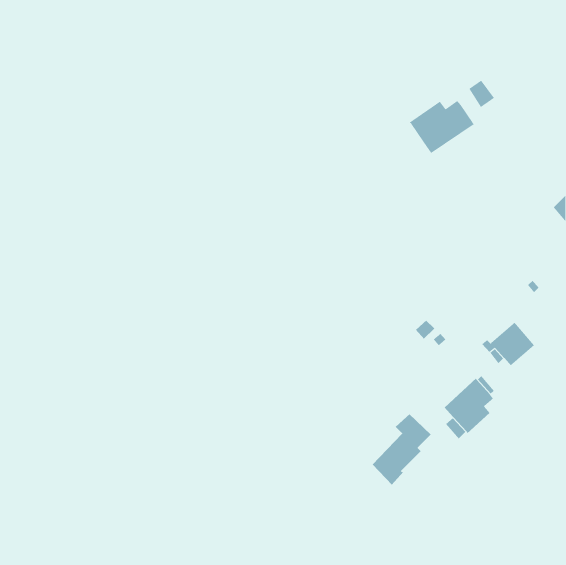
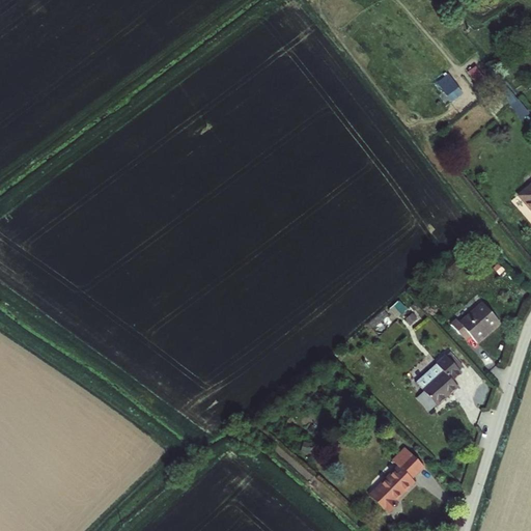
building: [409,100,475,154] -> none
building: [372,413,432,486] -> [368,446,424,513]

